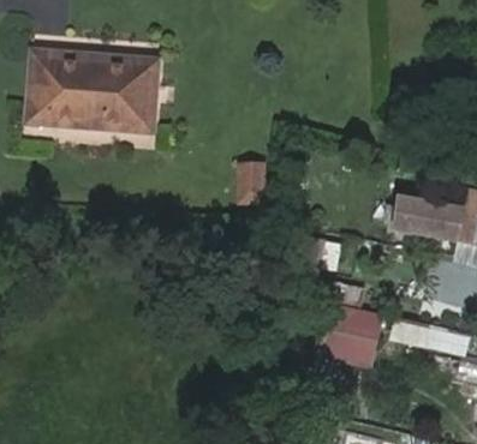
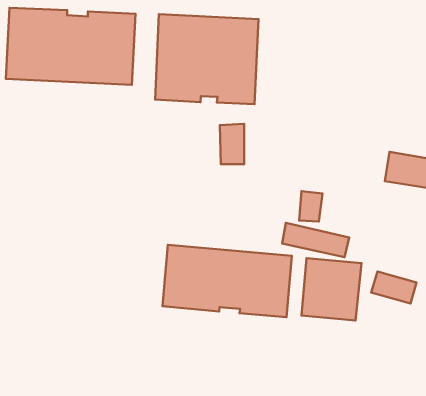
building: none -> [155,14,259,104]
building: none -> [163,245,292,317]

